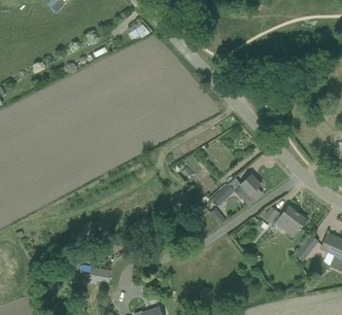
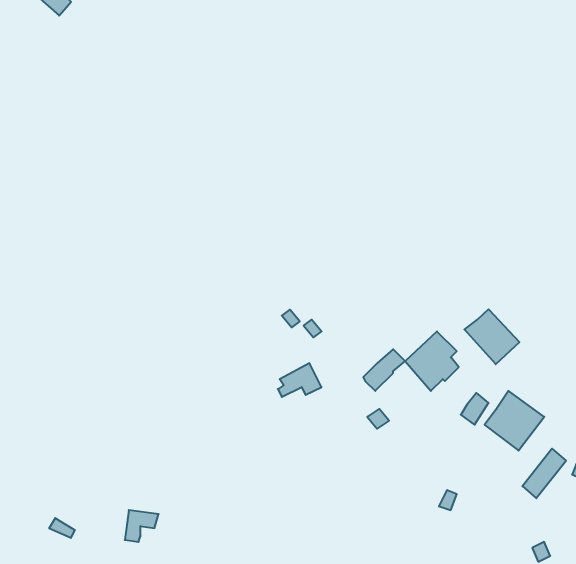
building: none -> [464,309,519,364]

